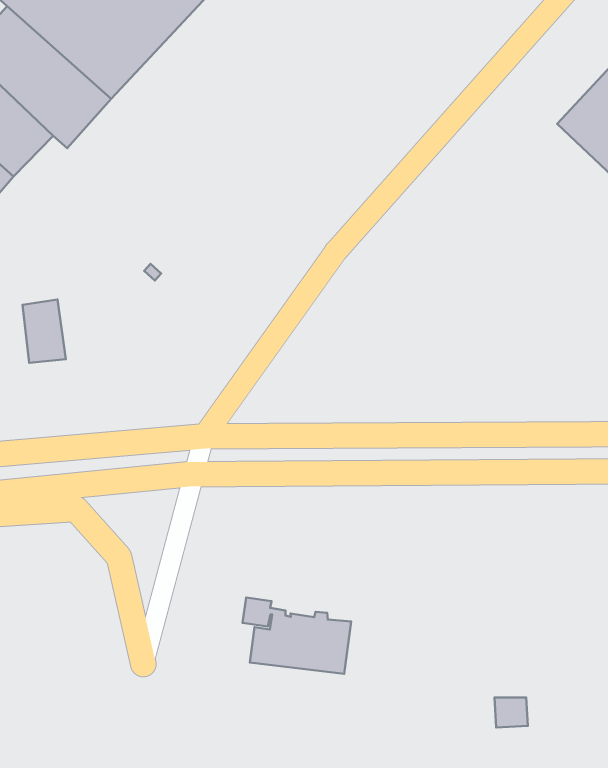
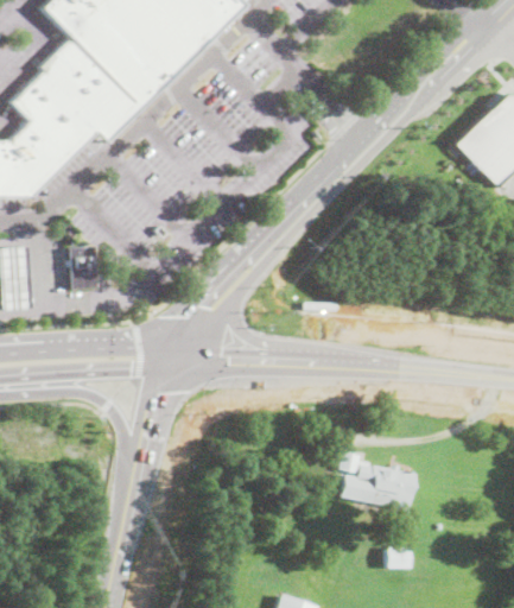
building: [243,598,351,674] -> [341,451,418,509]

